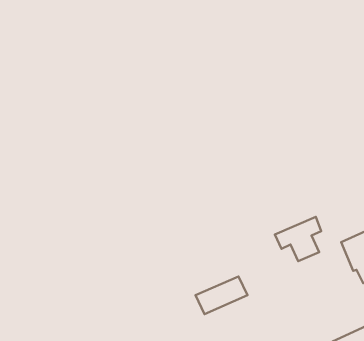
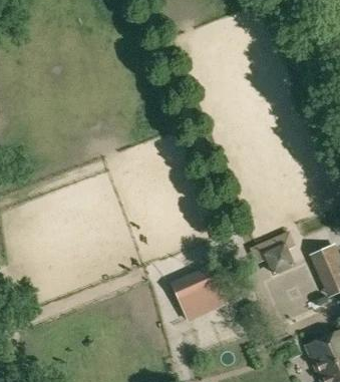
building: none -> [172,265,220,304]

